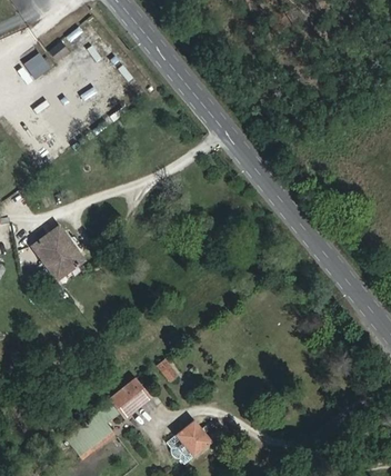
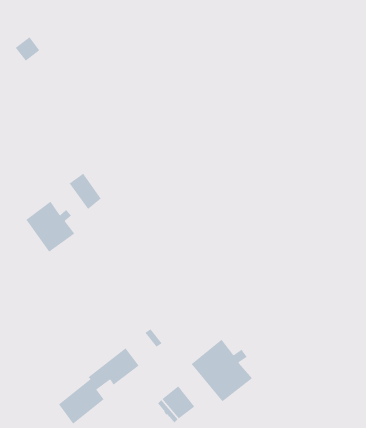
building: none -> [69,173,101,210]
building: none -> [191,339,253,402]

